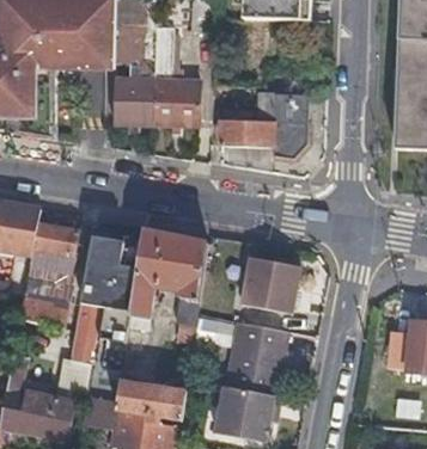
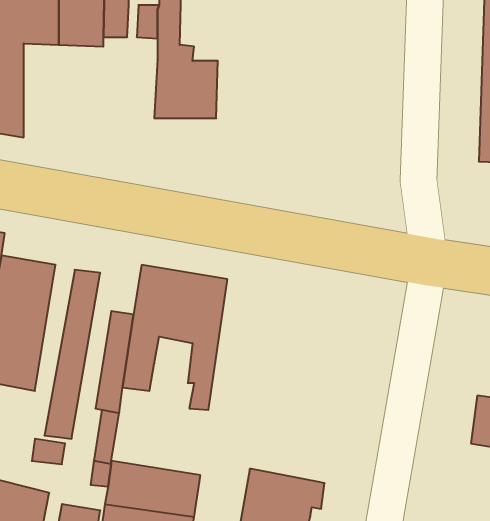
building: [111,76,154,122] -> none
building: [219,91,306,155] -> none
building: [240,256,299,312] -> none
building: [225,320,287,394] -> none

